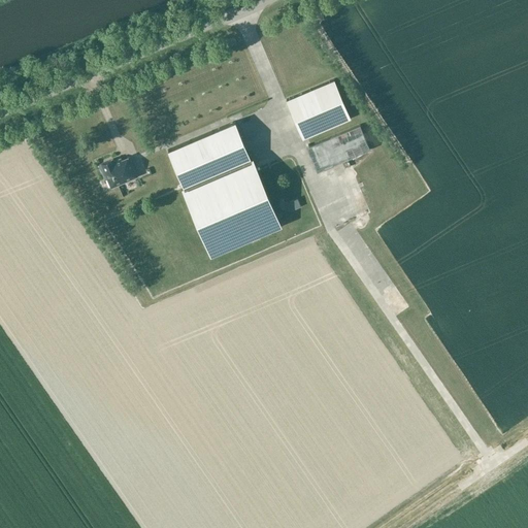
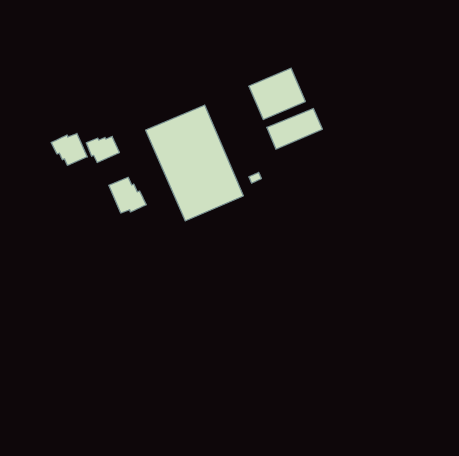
building: none -> [51,133,87,165]
building: none -> [109,177,146,213]

